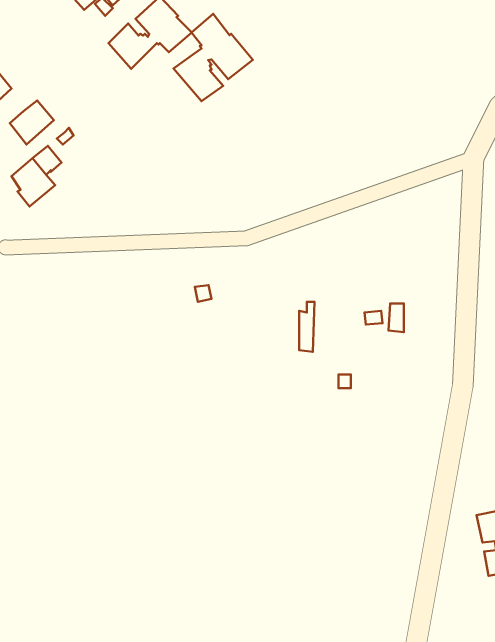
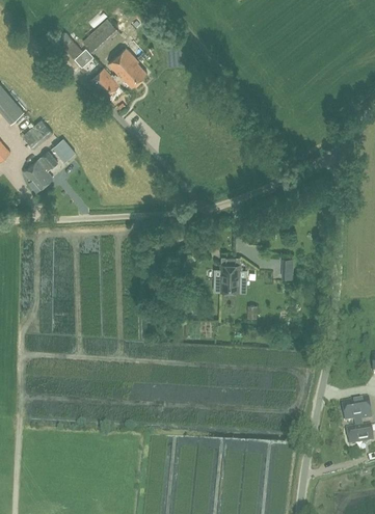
building: [173,14,253,101] -> none
building: none -> [230,258,245,292]

